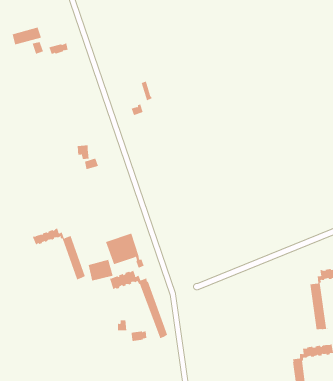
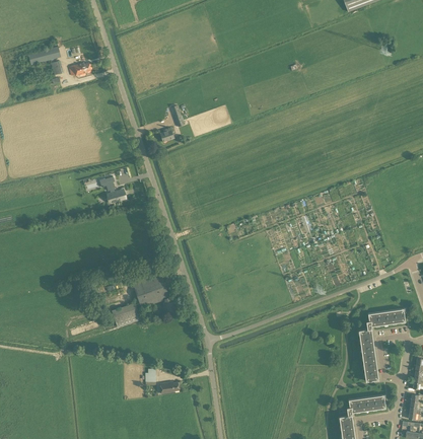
building: [32,228,85,281] -> none
building: [109,270,168,339] -> none

